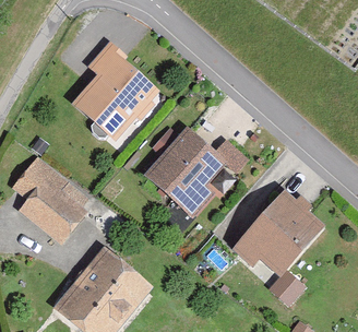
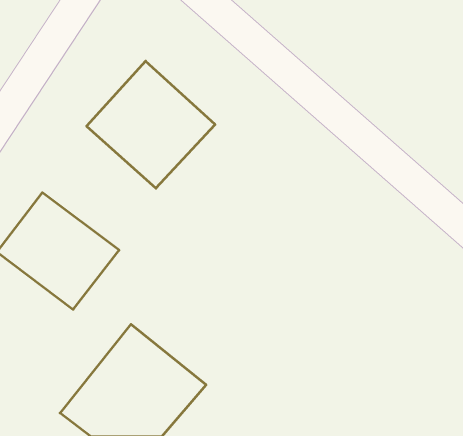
building: [146,127,238,218] -> none
building: [230,189,330,287] -> none

